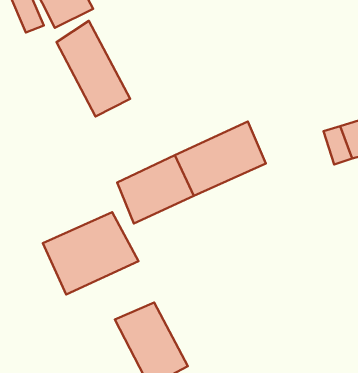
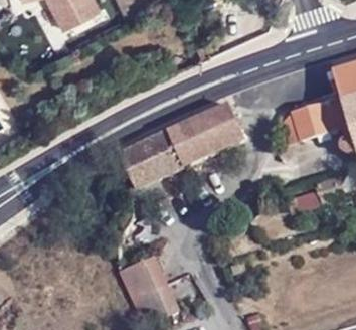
building: [57,21,130,117] -> none
building: [43,212,139,295] -> none

